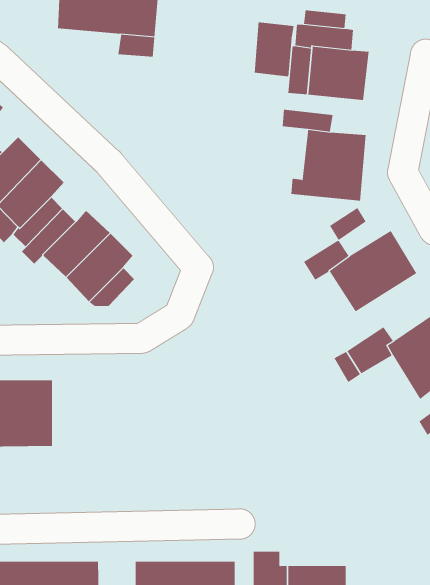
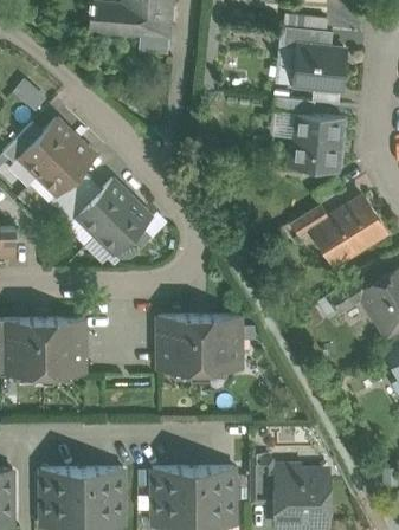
building: [254,21,294,77] -> none
building: none -> [157,317,240,373]

